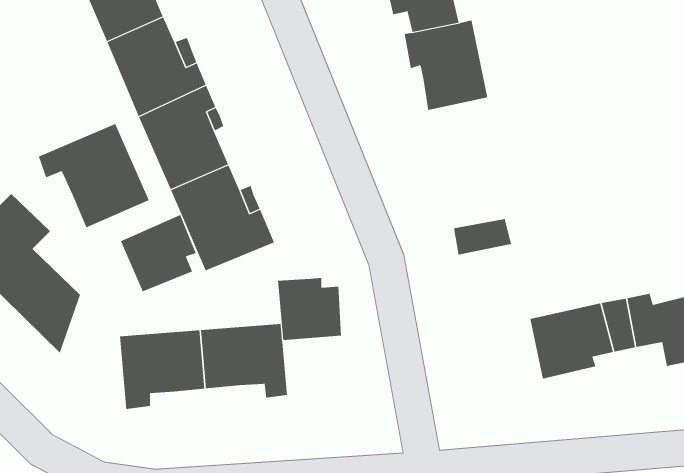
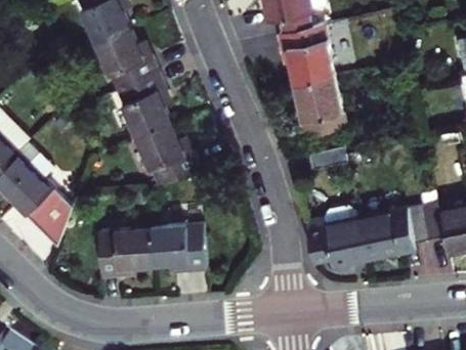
building: none -> [297,76,345,134]
building: [38,123,150,228] -> none
building: [120,214,197,292] -> none
building: [277,277,341,341] -> none
building: none -> [312,202,371,264]

